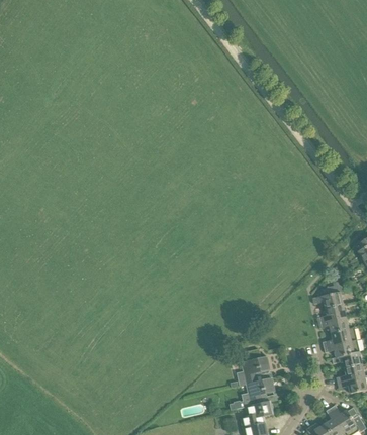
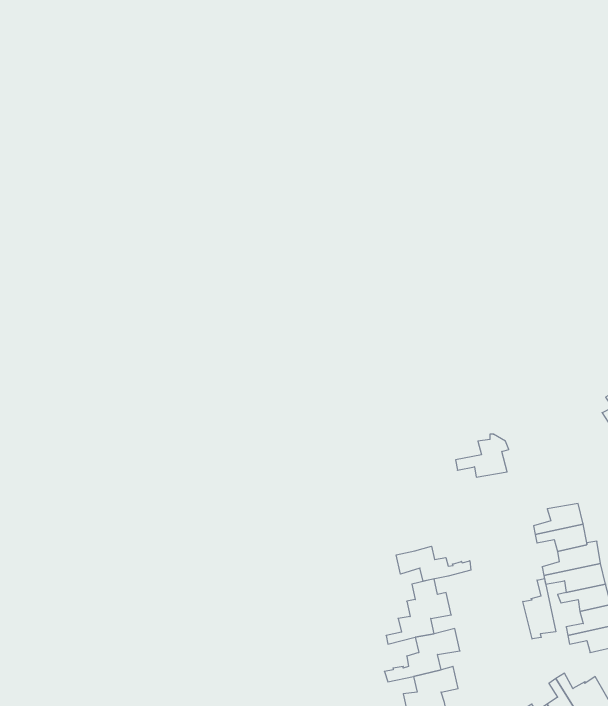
building: [313,283,345,308] -> [456,434,509,477]
building: none -> [396,546,471,581]
building: none -> [523,578,556,639]

